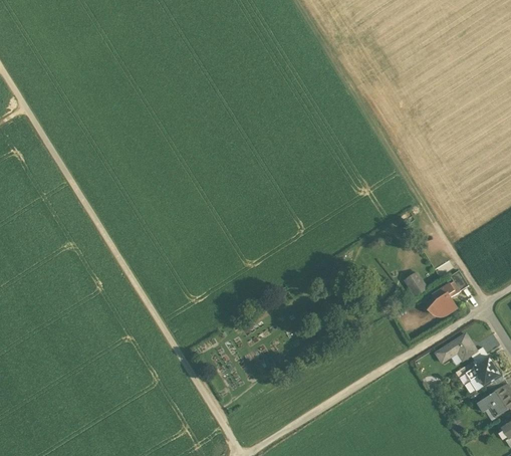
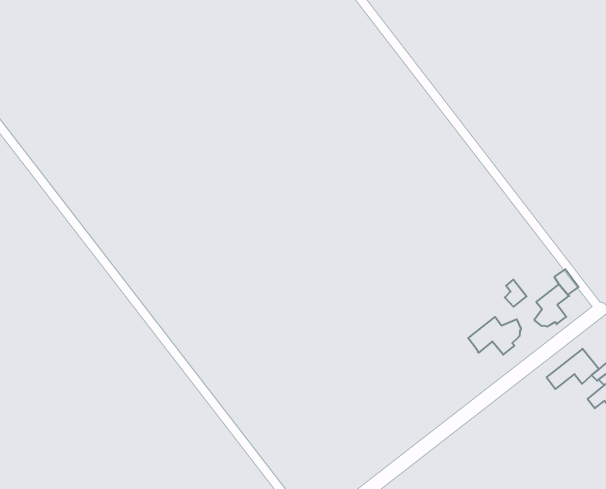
building: none -> [468,317,521,355]

